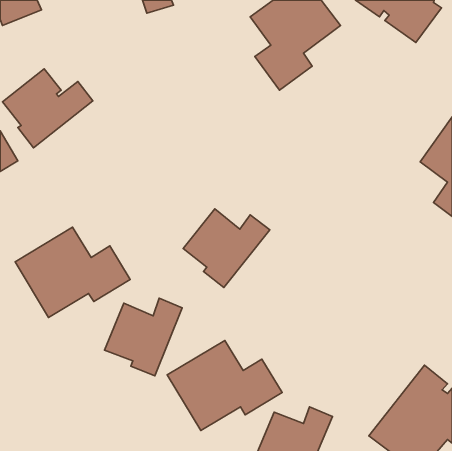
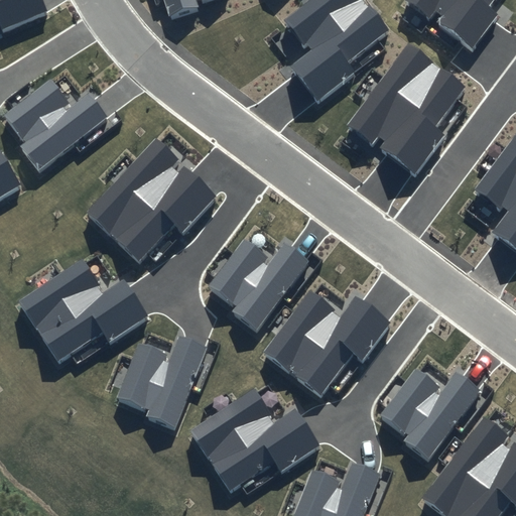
building: none -> [348,42,467,173]
building: none -> [86,139,217,263]
building: none -> [262,290,392,396]
building: none -> [381,371,479,460]

